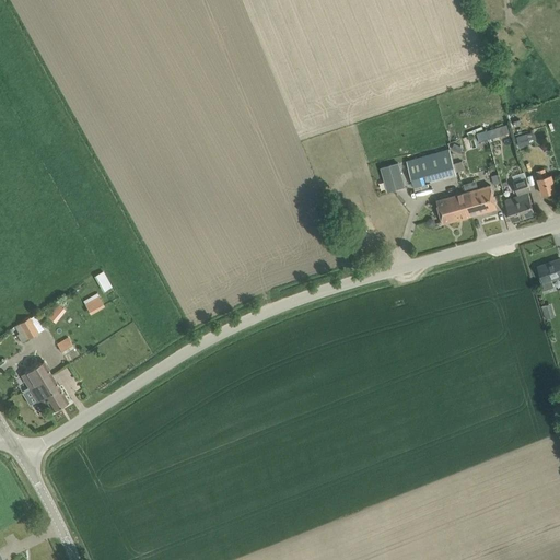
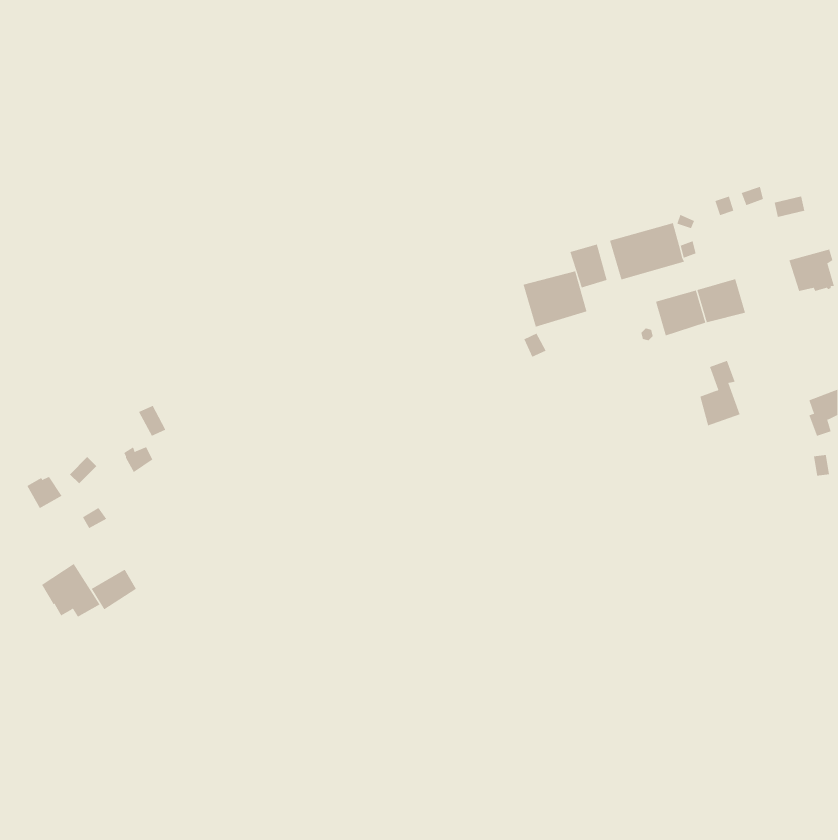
building: [505,177,533,221] -> [699,360,741,426]
building: none -> [523,270,587,327]
building: [19,362,49,389] -> [91,569,137,610]

